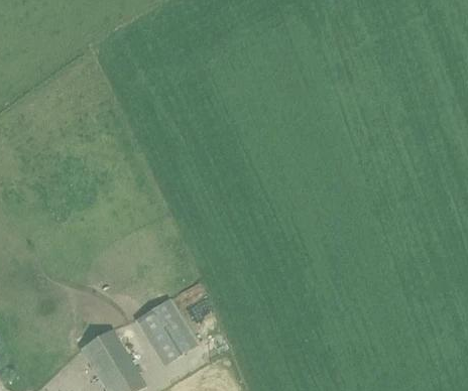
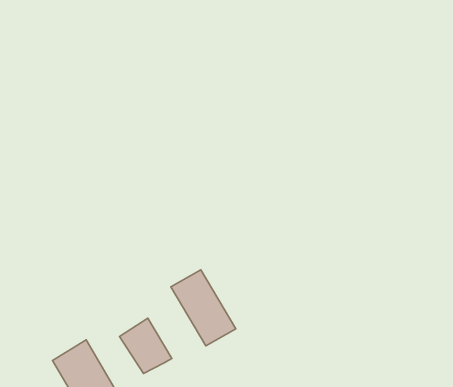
building: none -> [171,270,236,346]

